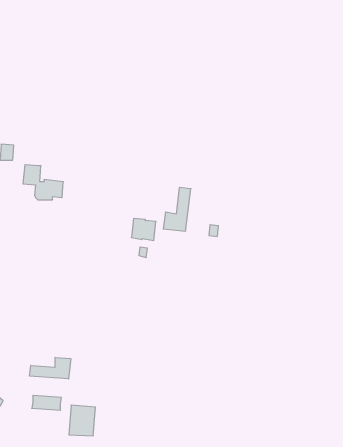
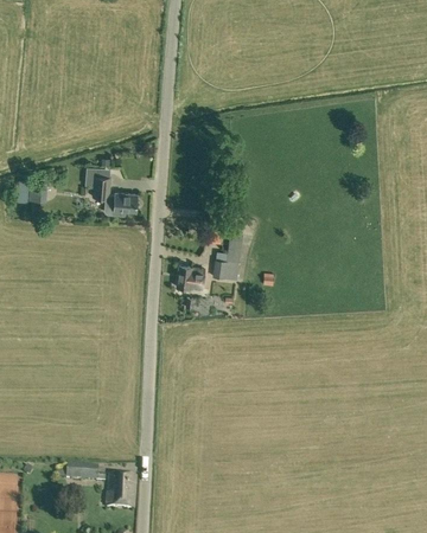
building: [23,165,63,200] -> [91,175,136,214]
building: [30,357,71,379] -> none

